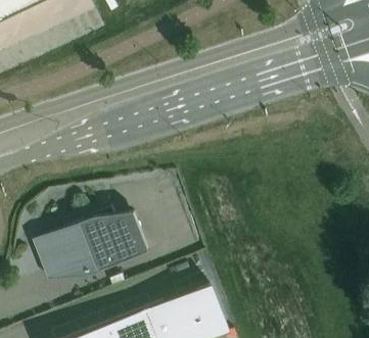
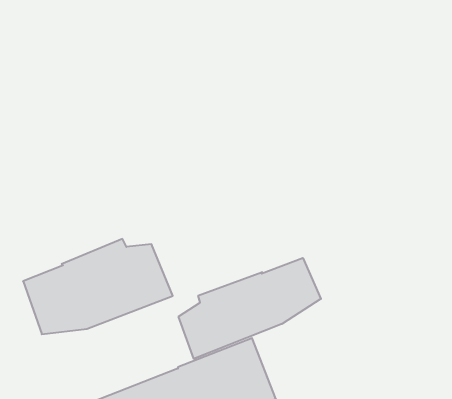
building: none -> [179,258,321,359]

